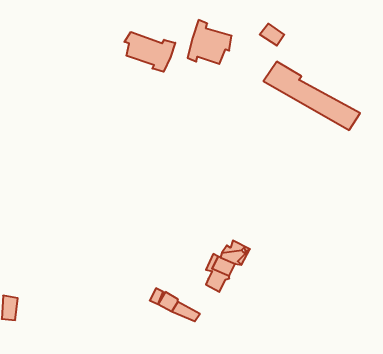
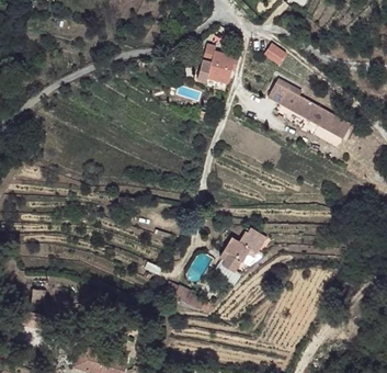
building: [124,32,175,72] -> none

